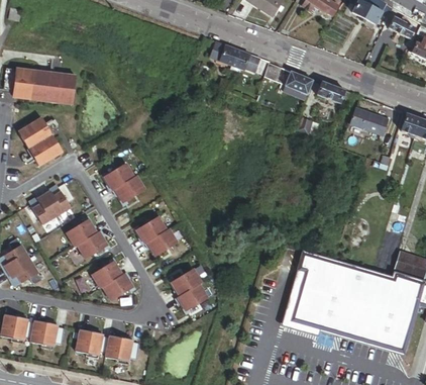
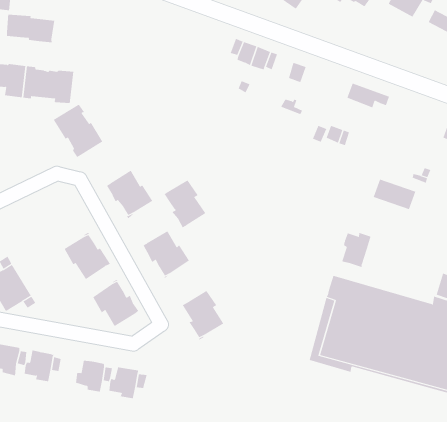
building: none -> [6,14,55,43]
building: [283,74,312,100] -> none
building: [349,109,388,136] -> [373,179,416,210]
building: [18,115,63,163] -> [53,104,103,158]
building: none -> [164,179,206,228]
building: [29,182,71,221] -> none
building: none -> [342,232,371,268]

